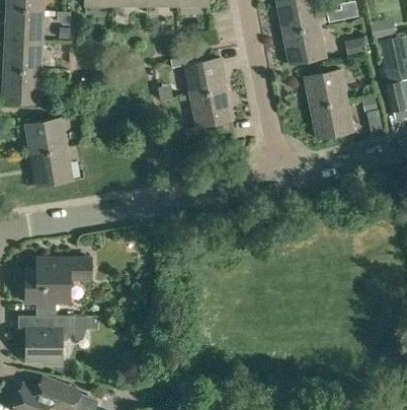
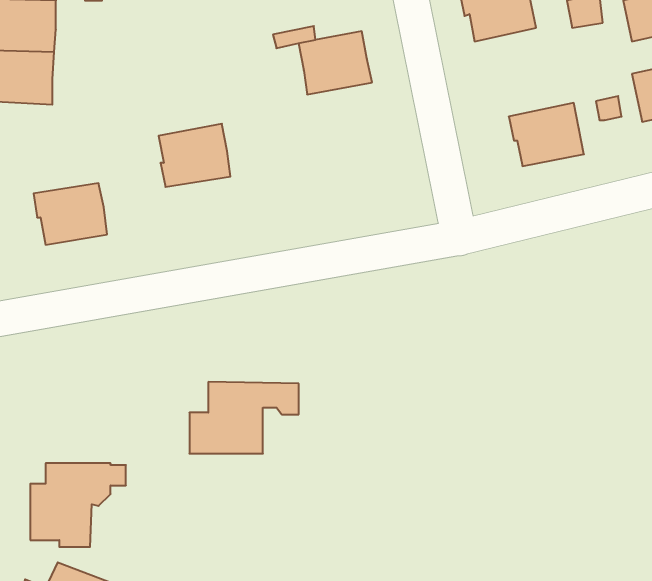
building: [305,72,348,111] -> none
building: [190,90,235,128] -> none
building: [24,119,67,156] -> [159,124,230,187]
building: [26,260,91,302] -> [189,382,299,454]

